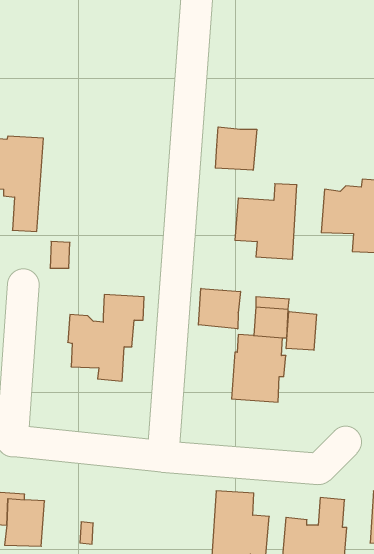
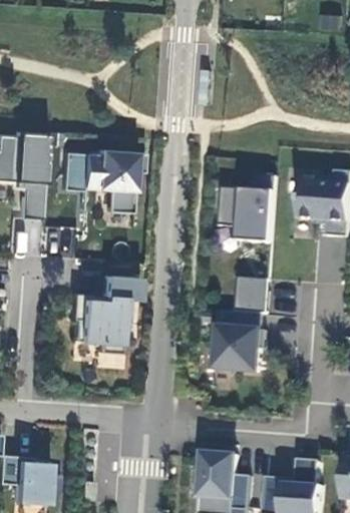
building: [215,127,257,170] -> none
building: none -> [59,148,141,210]
building: [198,288,240,329] -> none
building: [286,311,316,350] -> none

